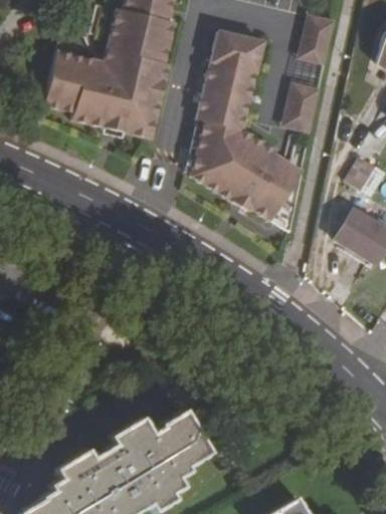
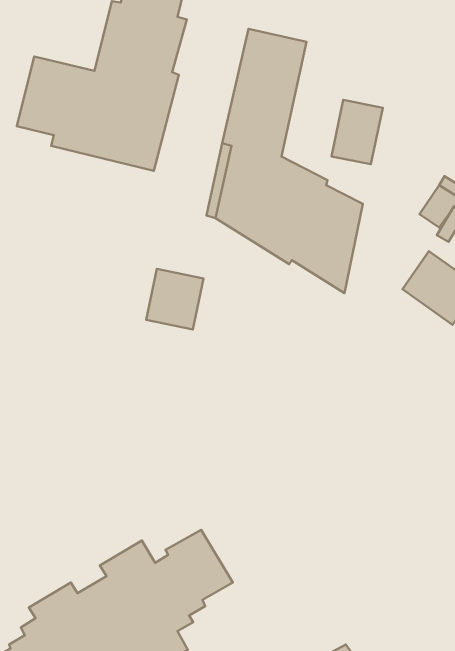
building: [298,17,336,66] -> none
building: none -> [146,269,204,329]

